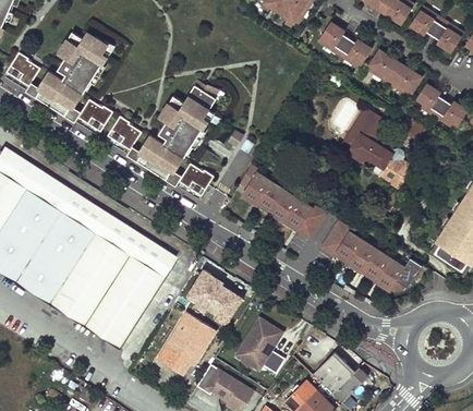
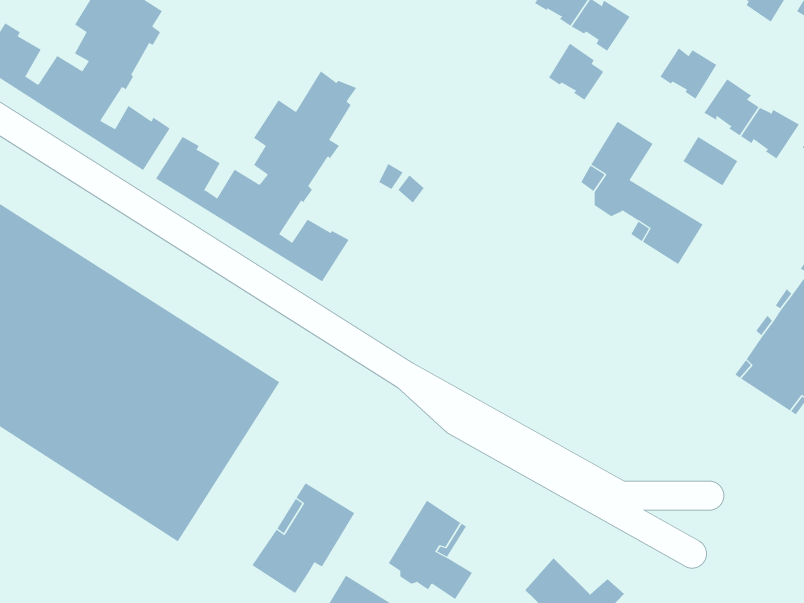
building: [367,49,399,82] -> [548,43,604,101]
building: [240,167,326,239] -> none
building: [323,221,423,288] -> none
building: [184,263,246,327] -> none

